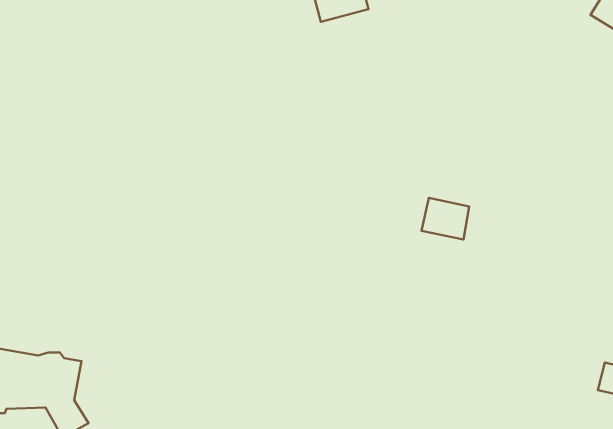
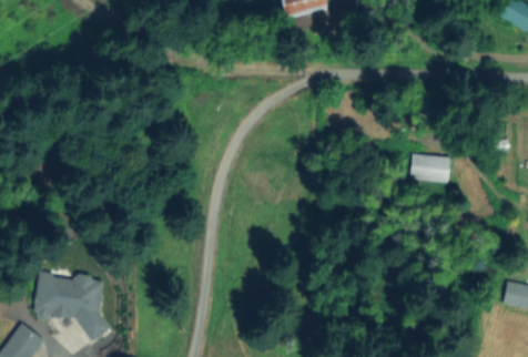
building: [422,198,469,240] -> [413,150,449,182]

